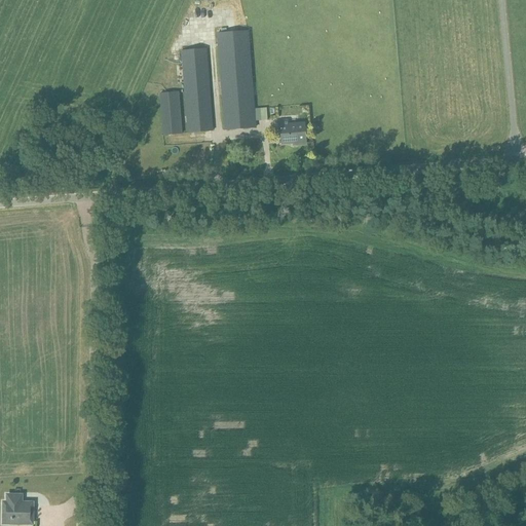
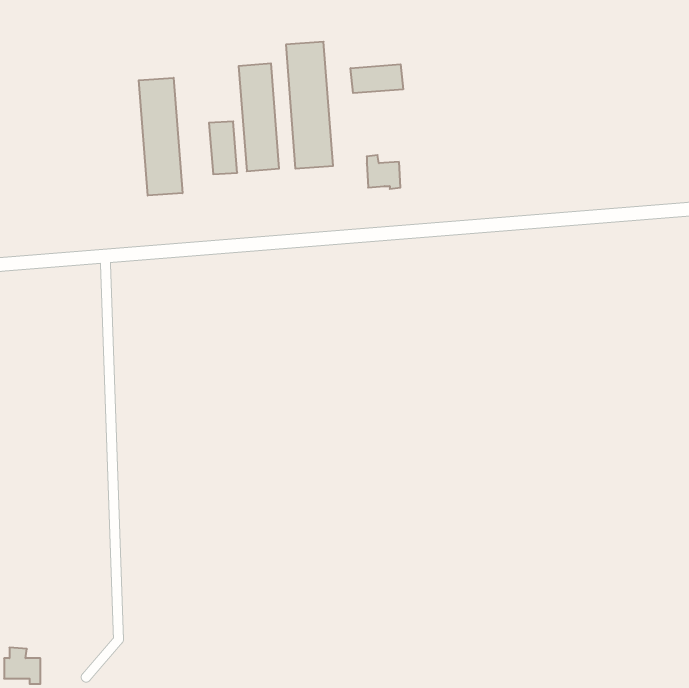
building: none -> [351,64,403,93]
building: none -> [139,78,182,196]

